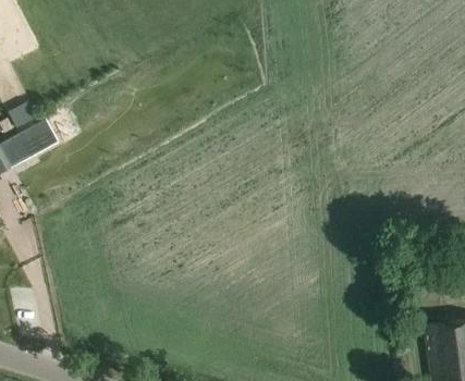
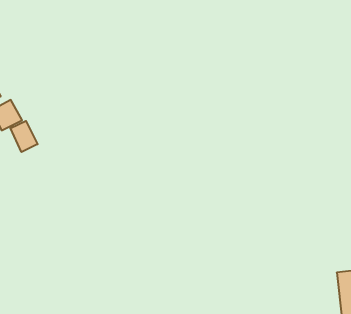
building: none -> [10,121,38,152]

